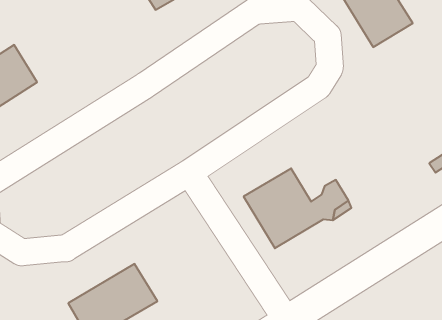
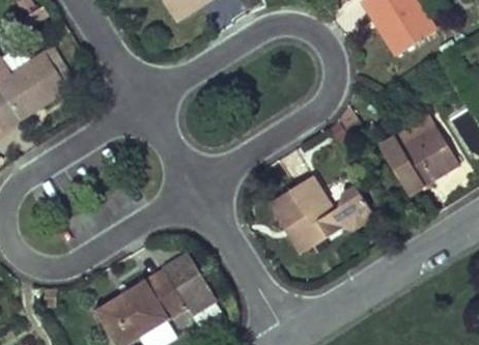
building: none -> [371,115,454,196]
building: none -> [154,257,206,317]

